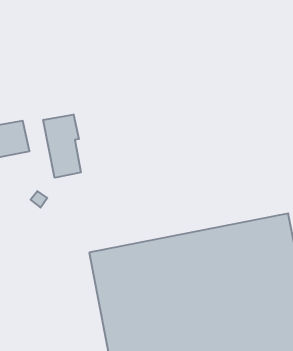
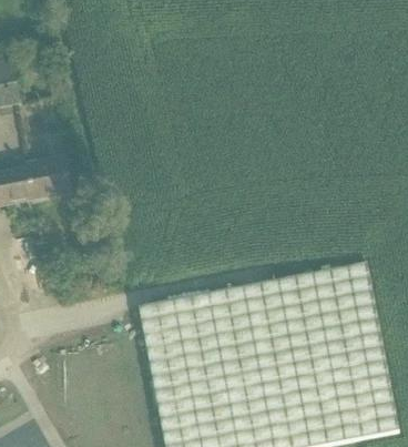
building: [43,114,81,178] -> none

